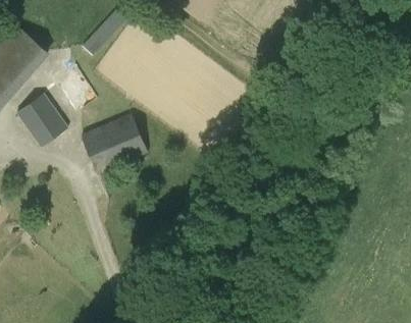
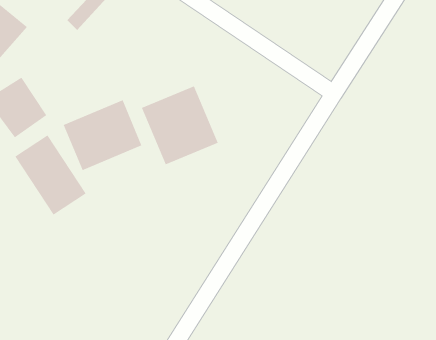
building: none -> [141,85,218,165]
building: none -> [15,134,86,215]

